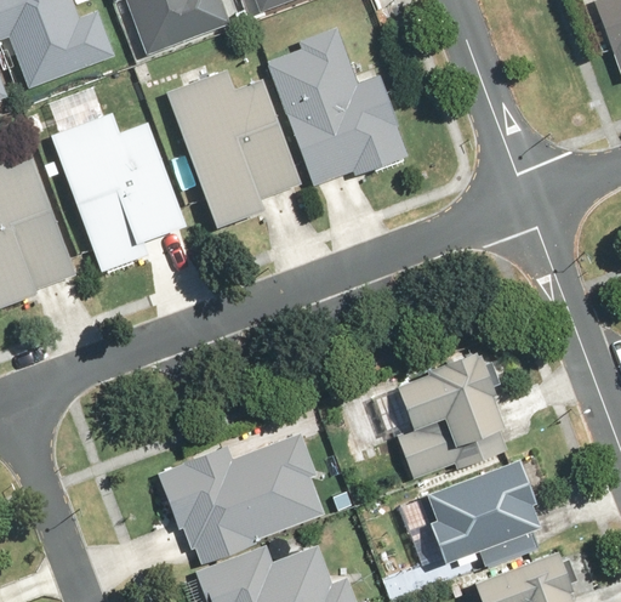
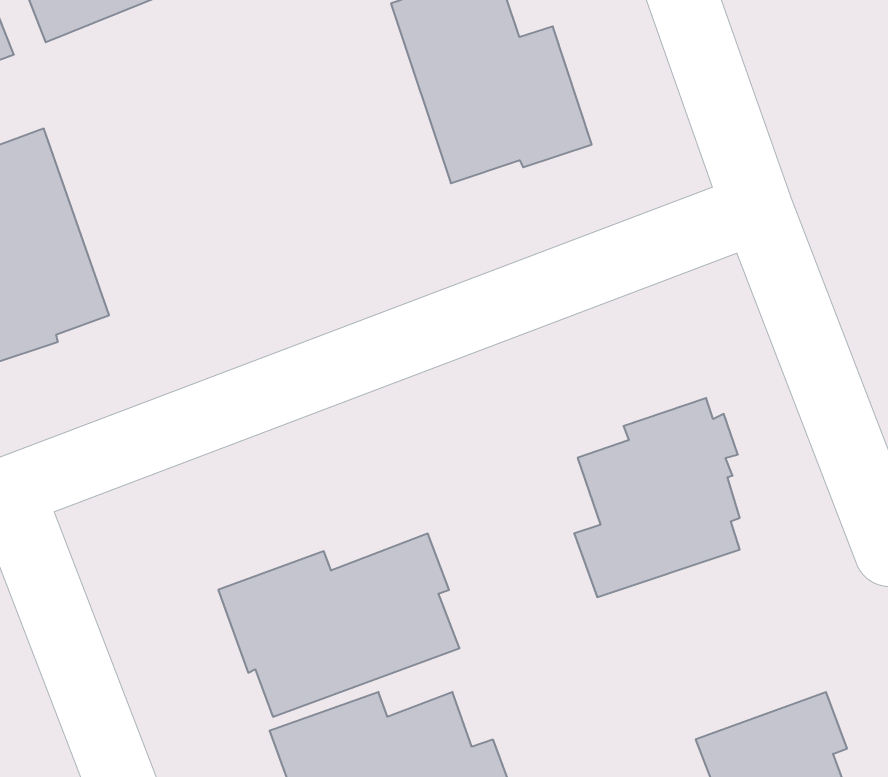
building: [166,73,303,233] -> none
building: [52,98,189,273] -> none
building: [429,449,543,558] -> none

